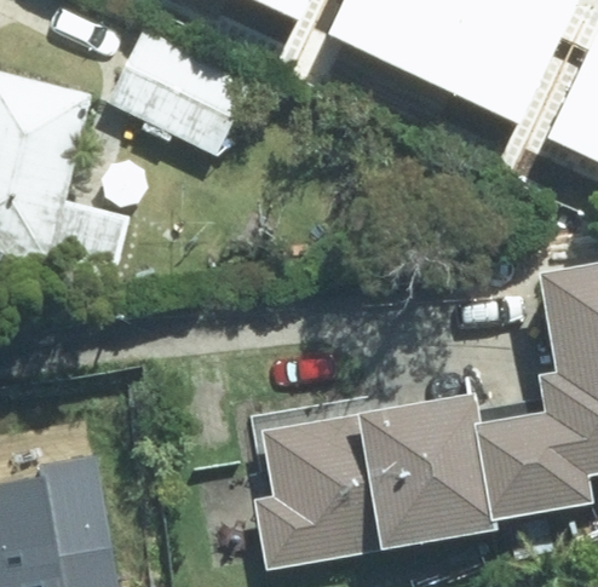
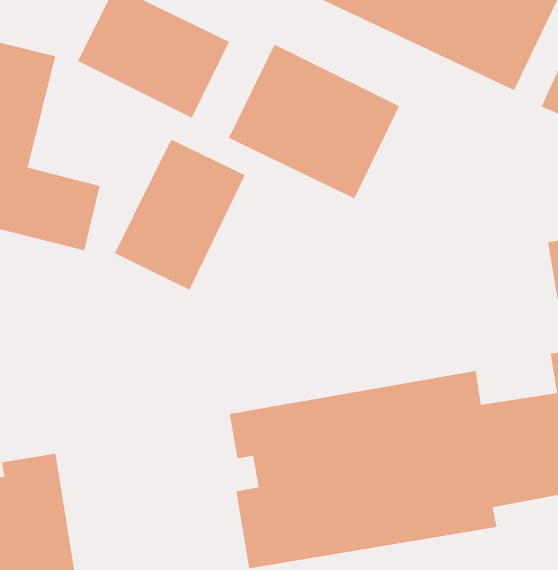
building: none -> [228,43,400,200]
building: none -> [114,138,246,291]

